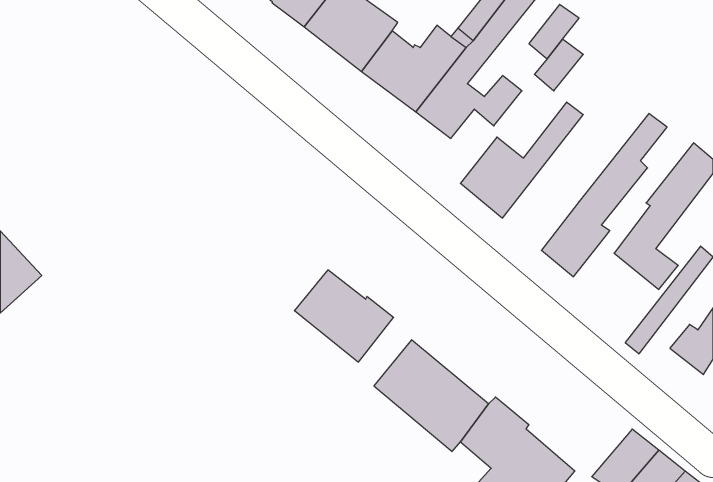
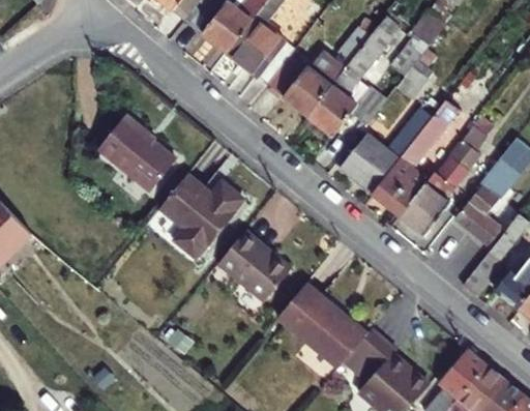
building: none -> [373,100,459,216]
building: none -> [97,115,174,192]
building: none -> [146,173,243,261]

